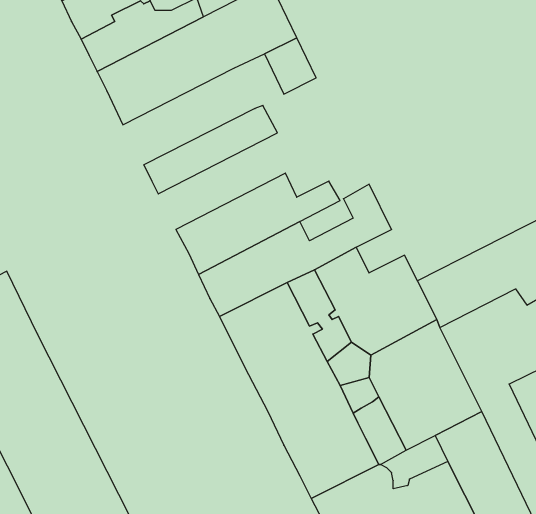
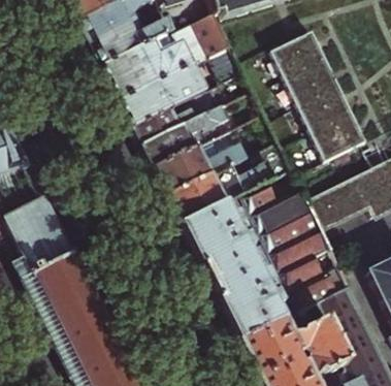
building: none -> [272,29,367,161]
building: none -> [120,63,204,125]
building: none -> [142,100,232,166]

